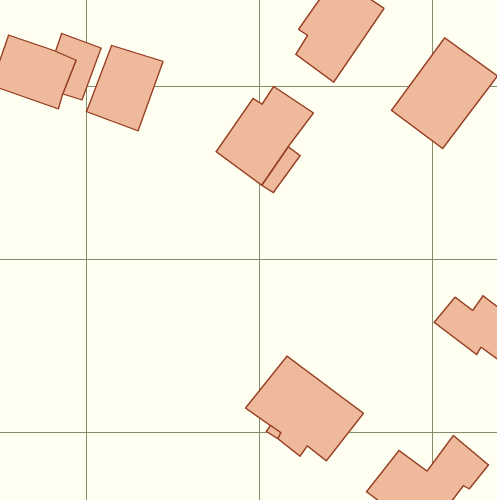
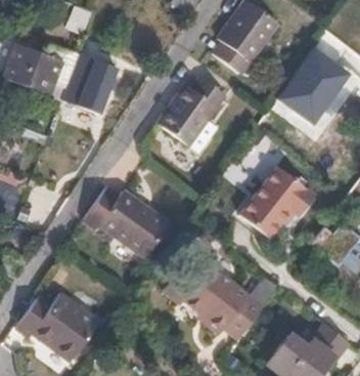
building: none -> [239,166,314,238]
building: none -> [87,193,171,260]
building: none -> [16,293,94,360]

